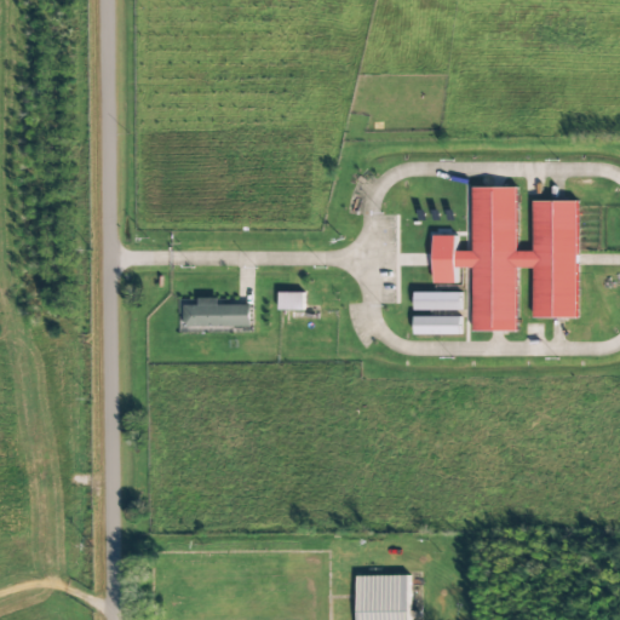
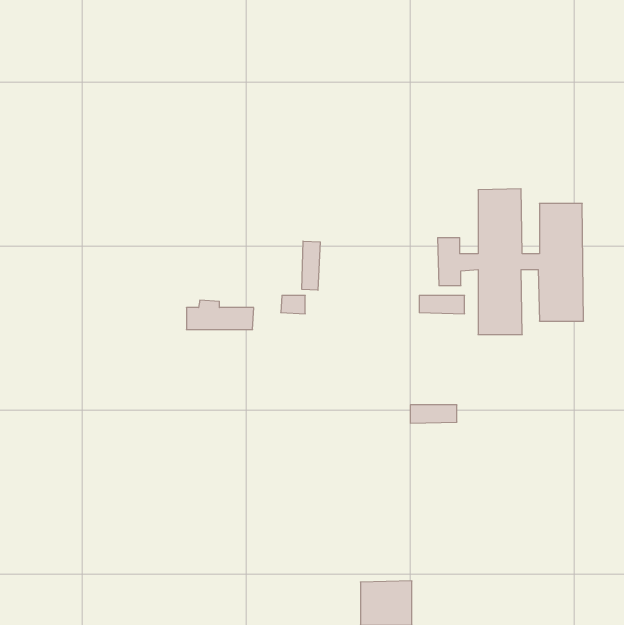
building: none -> [302,241,320,290]
building: [413,316,459,334] -> [410,405,457,423]

